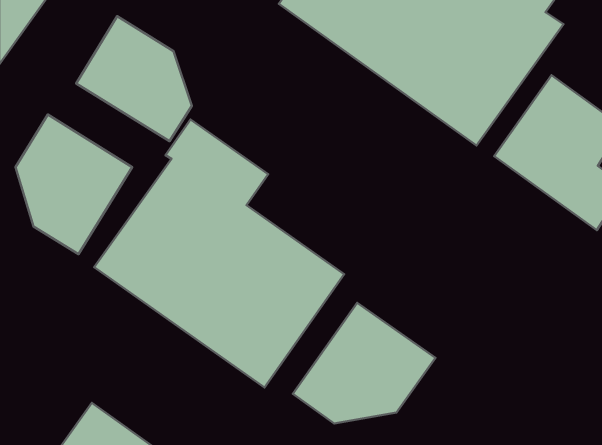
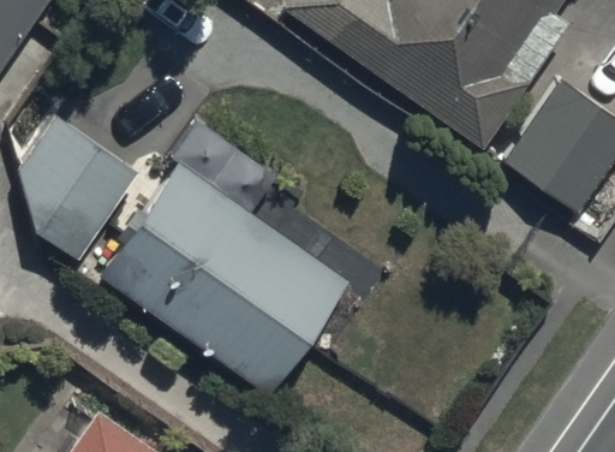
building: [76,16,192,141] -> none
building: [293,303,435,424] -> none

